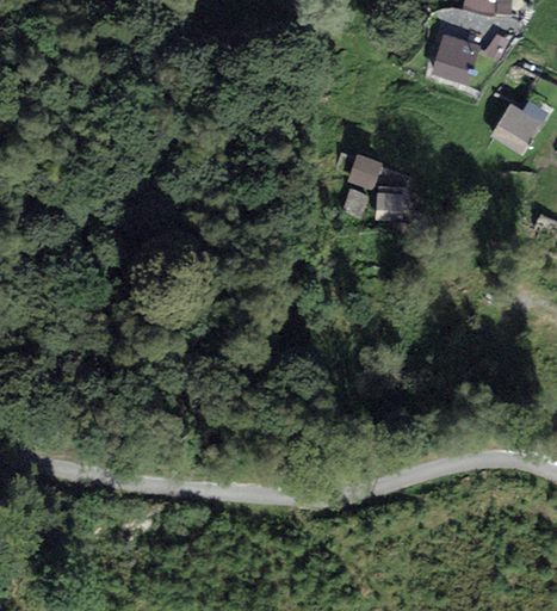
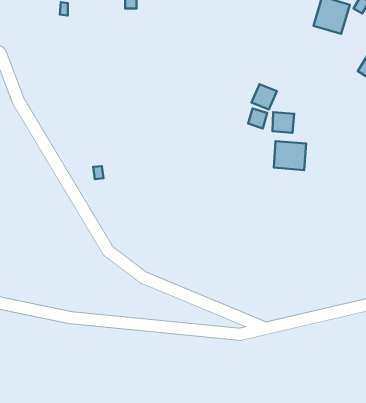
building: none -> [274,141,306,170]

